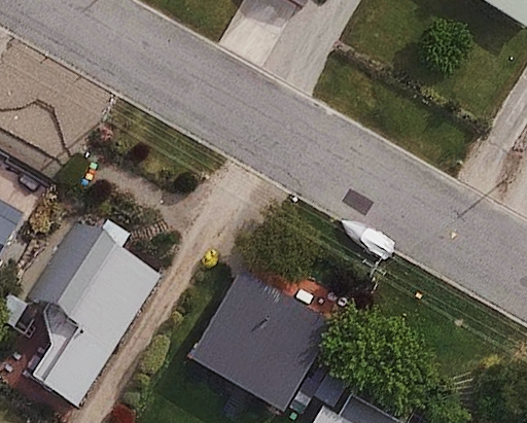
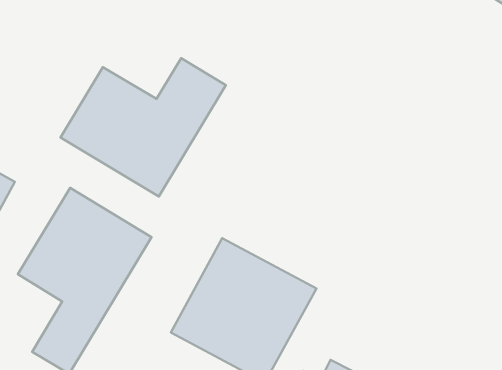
building: none -> [61,58,226,196]

